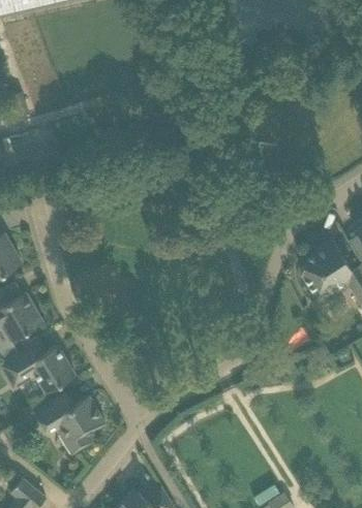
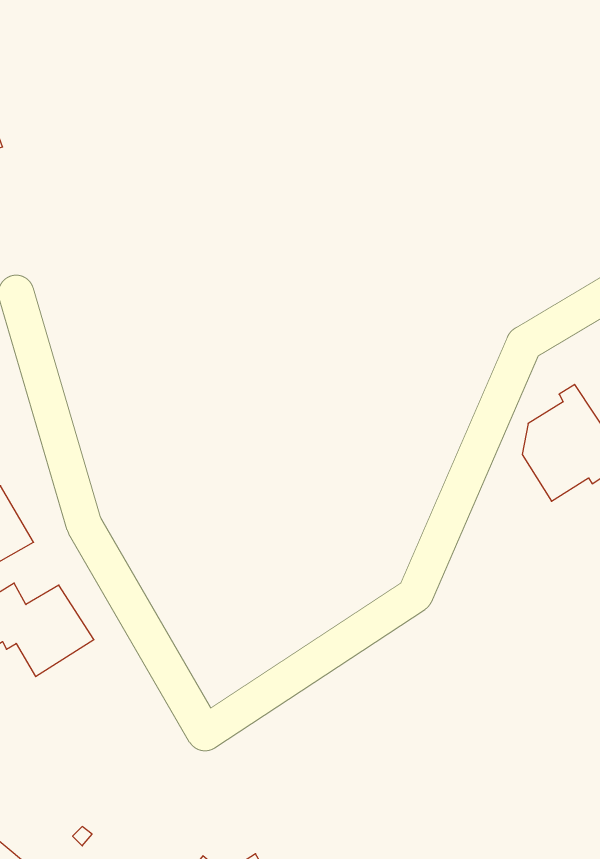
building: [33,393,104,454] -> none

